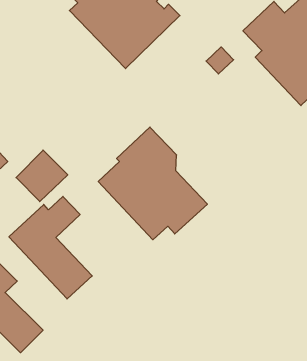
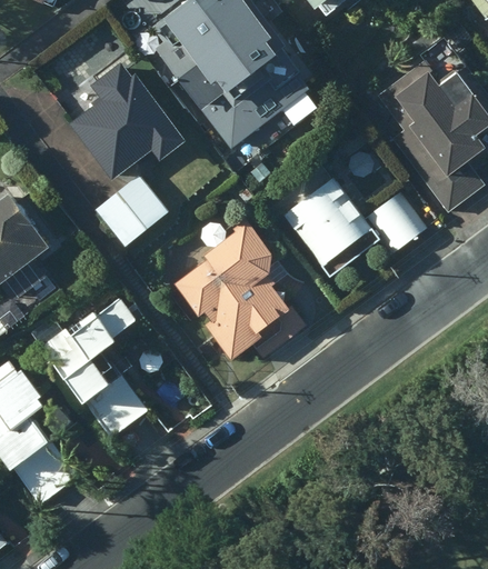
building: none -> [70,62,188,183]
building: none -> [282,180,425,280]
building: [16,150,68,202] -> [98,179,167,247]

